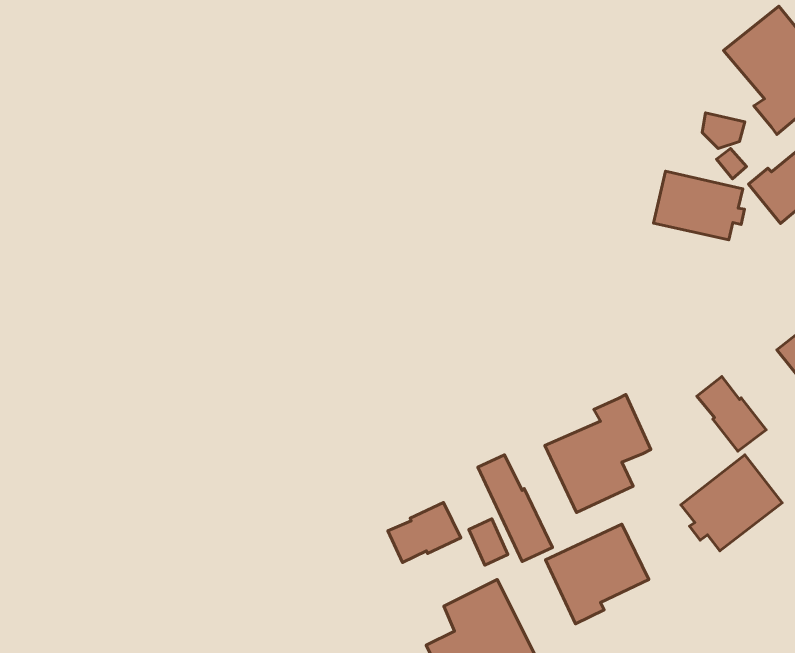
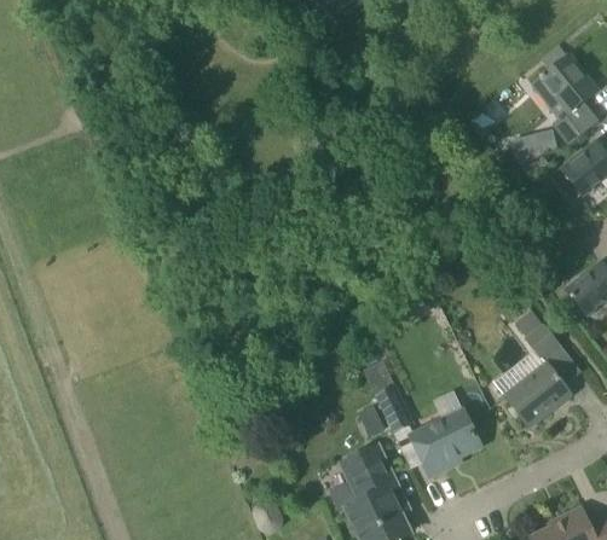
building: [654,171,744,240] -> none
building: [545,394,651,512] -> none
building: [388,503,461,562] -> none

